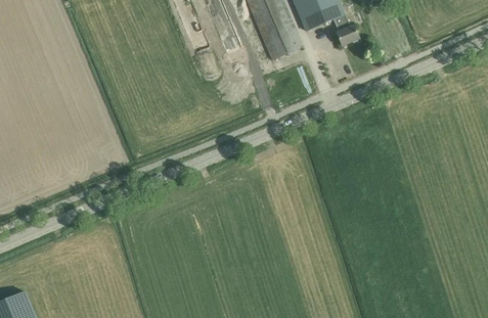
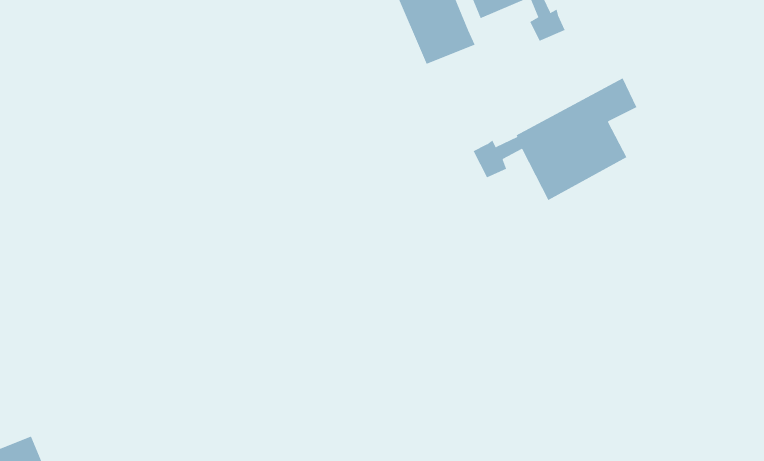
building: none -> [473,78,637,201]

